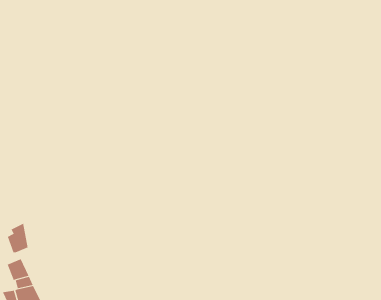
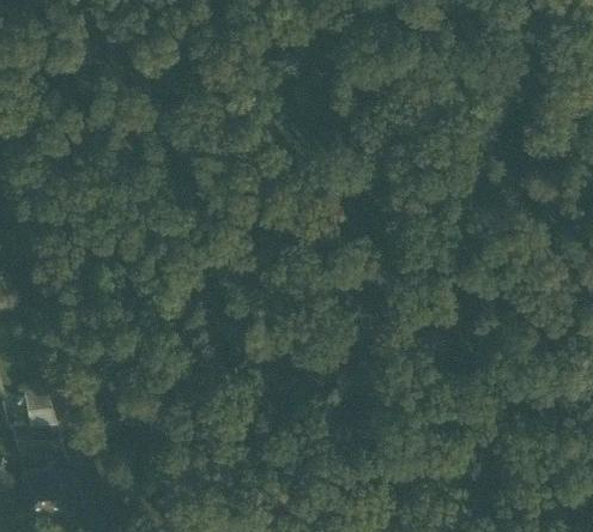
building: [7,223,28,253] -> none

